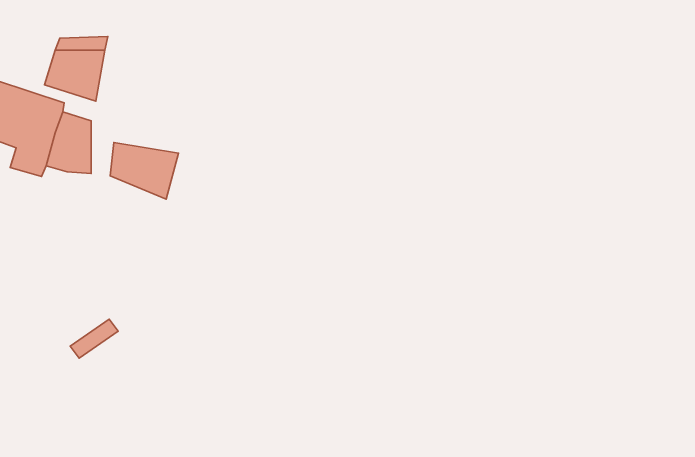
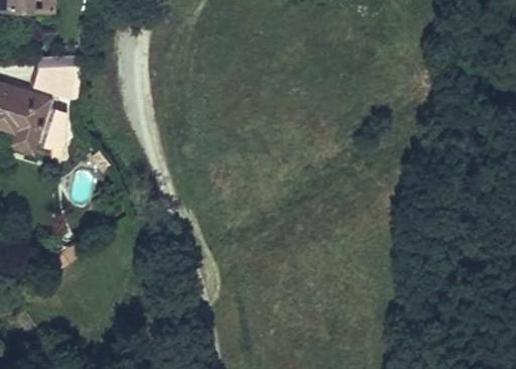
building: [110,142,179,199] -> none

